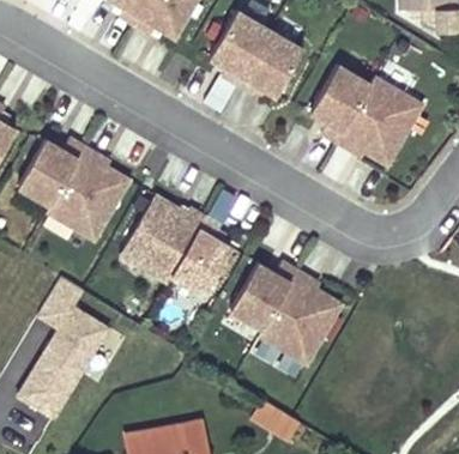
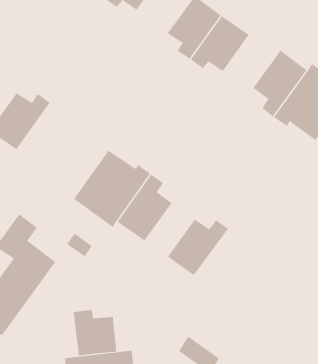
building: [47,147,129,240] -> none
building: [260,273,343,365] -> none
building: none -> [73,309,117,356]

